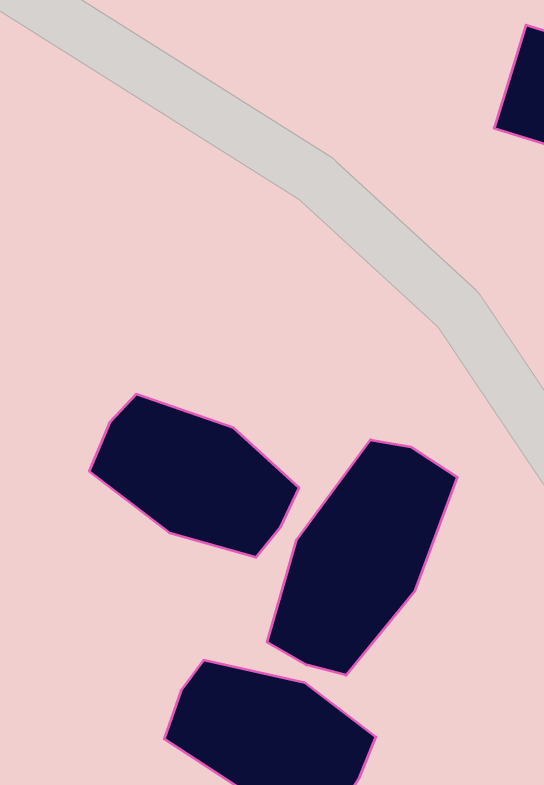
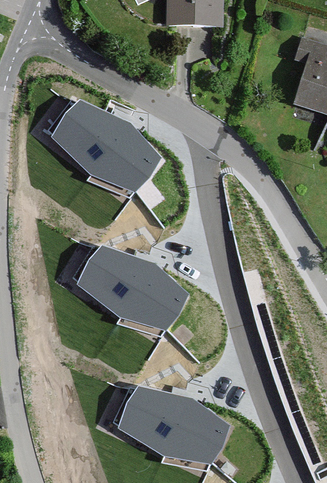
building: none -> [50,98,161,192]
building: [267,440,457,675] -> none

